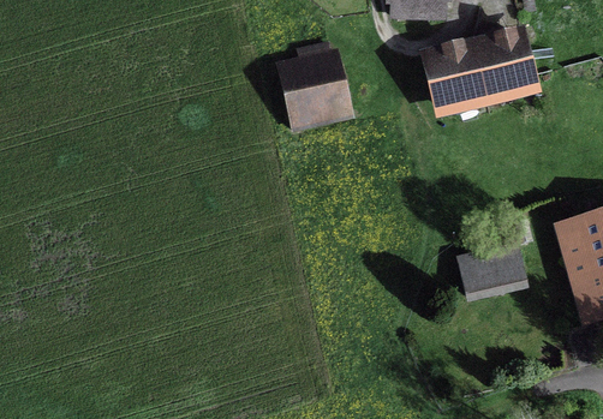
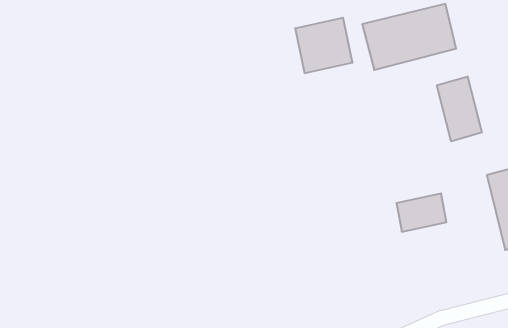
building: [281,56,346,119] -> [295,18,353,73]
building: none -> [437,76,482,141]

